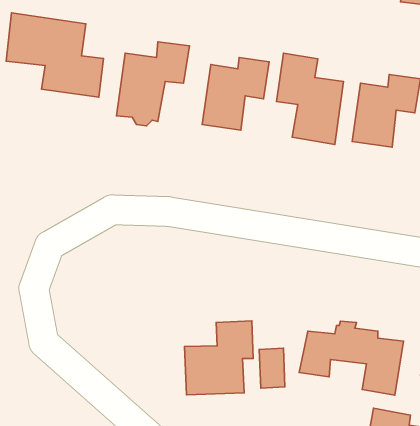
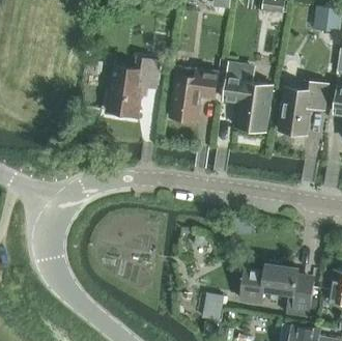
building: [6,13,103,97] -> none
building: [184,321,253,395] -> none

